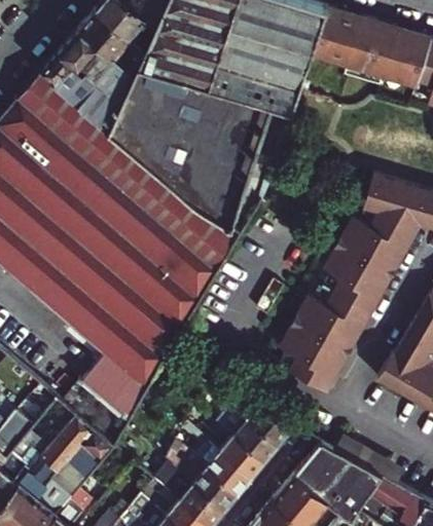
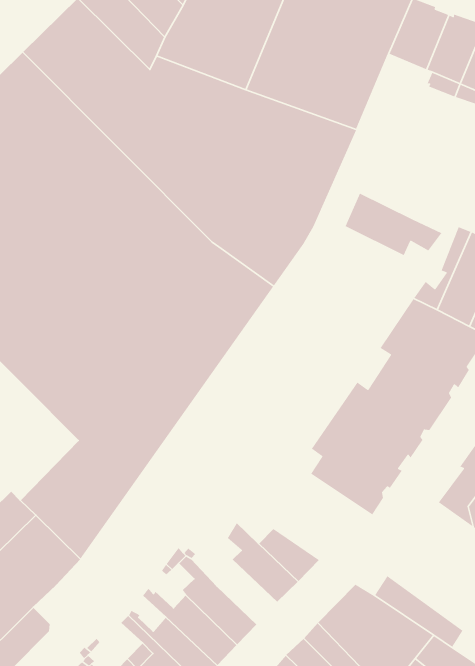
building: none -> [344,192,443,256]
building: [206,423,263,479] -> none

